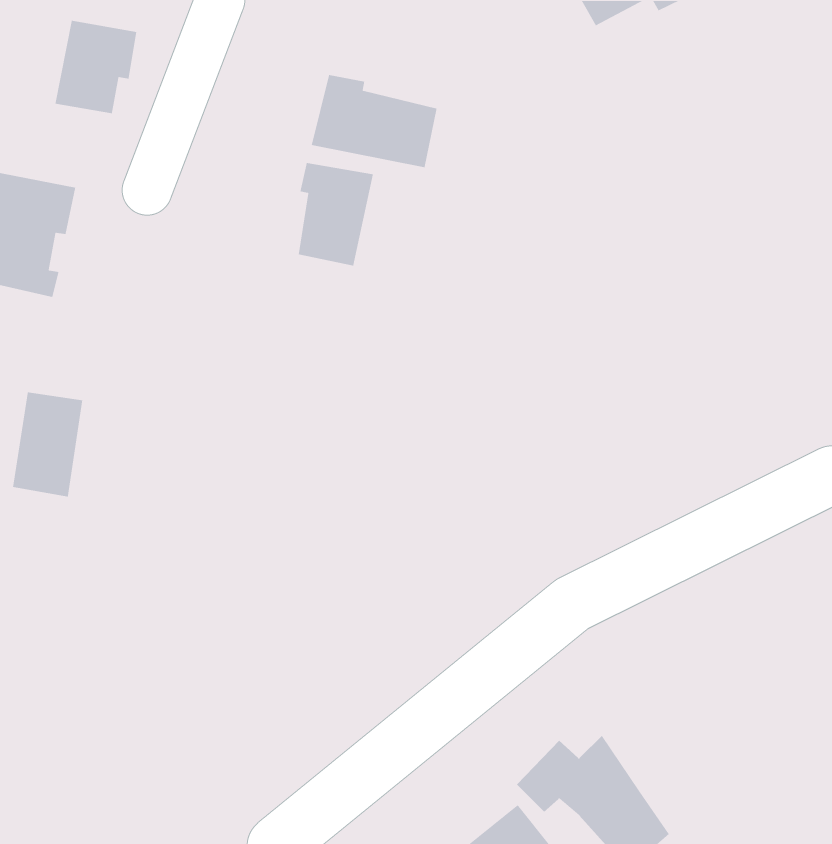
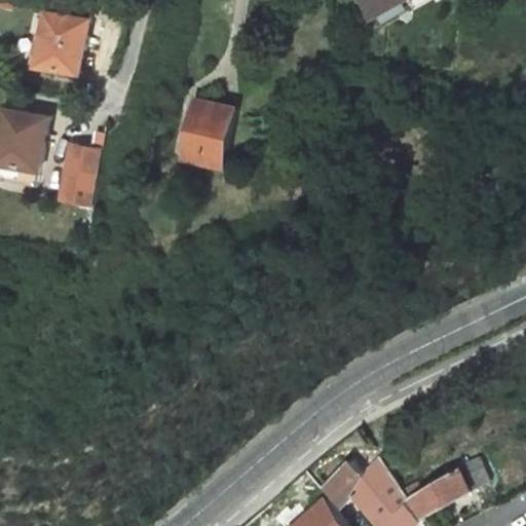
building: [311,74,438,168] -> none
building: [12,392,83,497] -> [58,140,102,205]
building: none -> [398,455,483,519]

